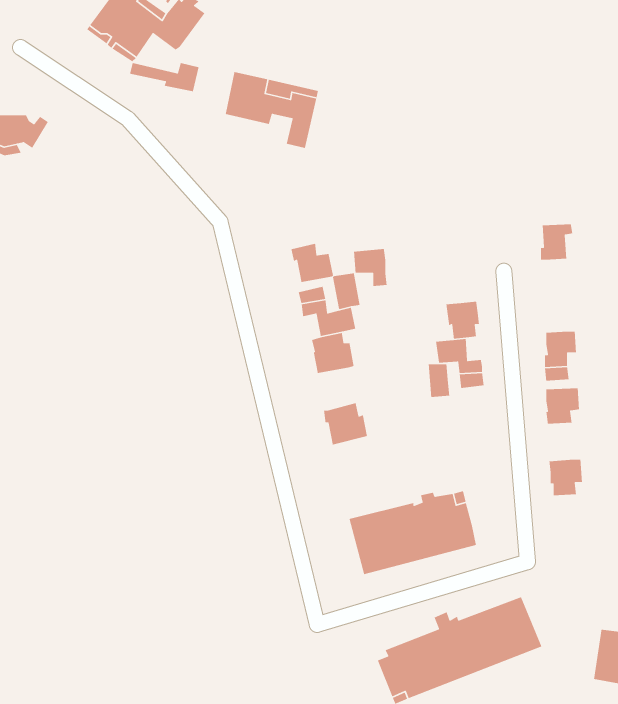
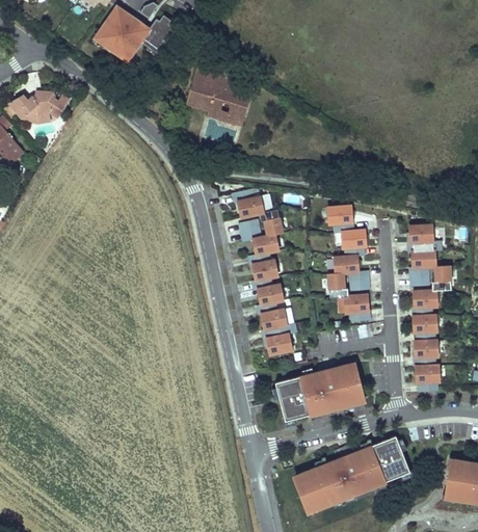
building: [129,62,199,92] -> [187,100,236,121]
building: [540,223,573,261] -> [409,225,432,251]
building: [353,248,388,287] -> [329,205,353,232]
building: none -> [434,266,452,290]
building: none -> [253,276,286,305]
building: none -> [346,295,370,321]
building: none -> [414,315,437,341]
building: none -> [263,323,298,354]
building: none -> [416,365,440,391]

